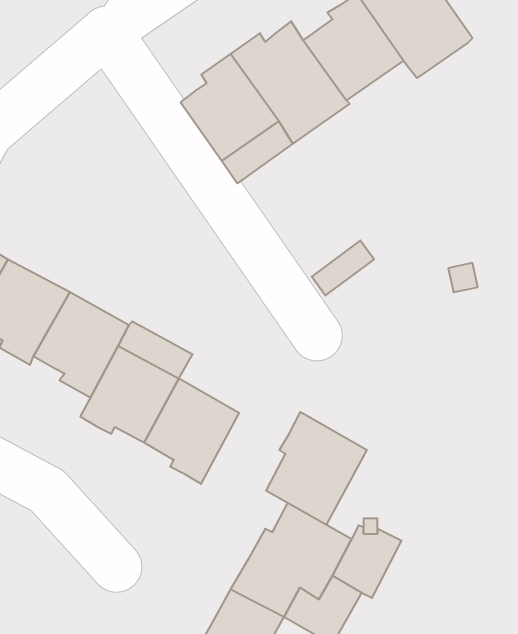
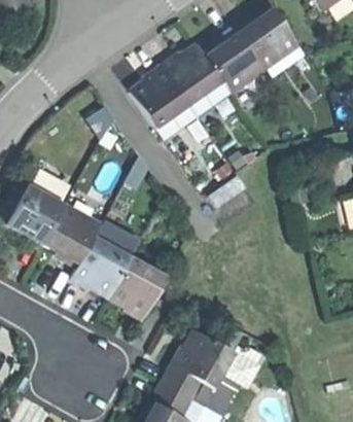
building: [266,412,367,525] -> none

